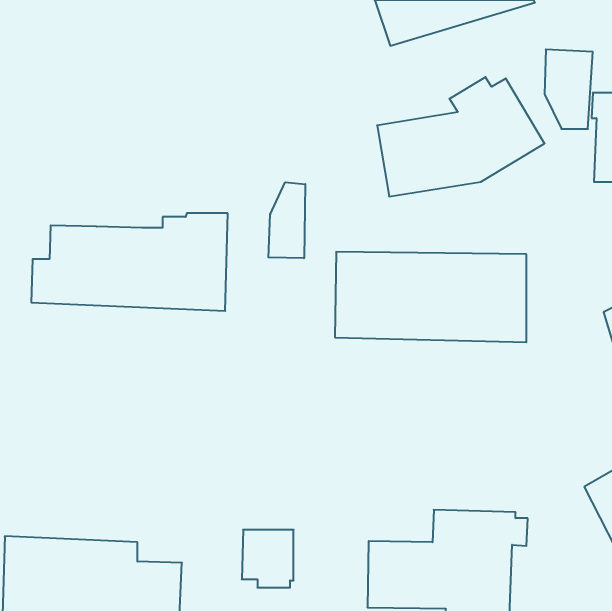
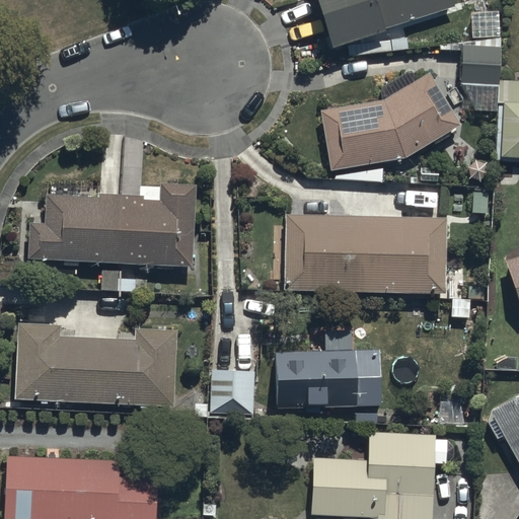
building: [268,182,305,258] -> none
building: none -> [14,323,176,407]
building: none -> [276,342,381,416]
building: [242,530,294,588] -> [211,372,254,421]

